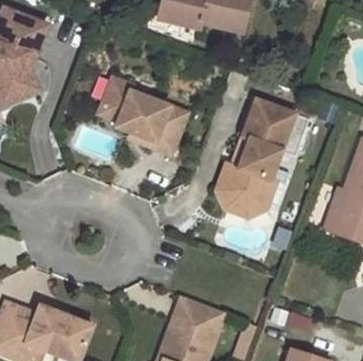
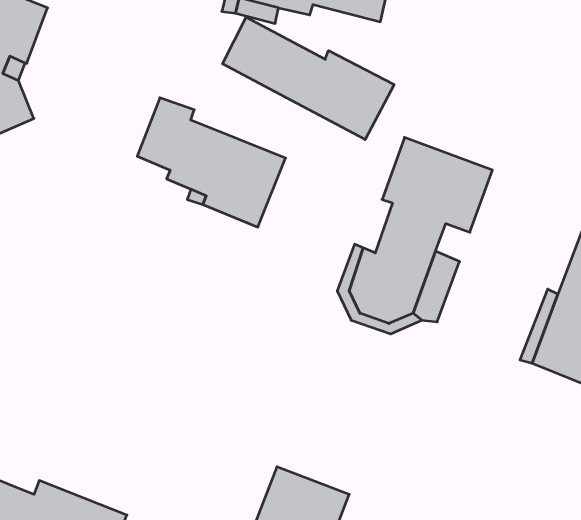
building: none -> [223,17,394,140]

